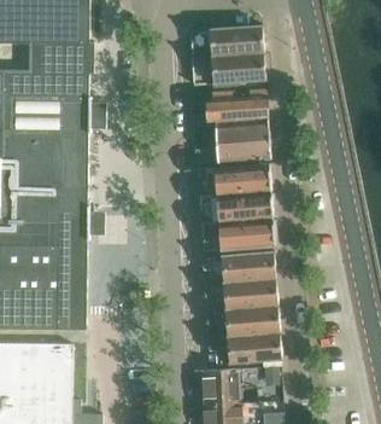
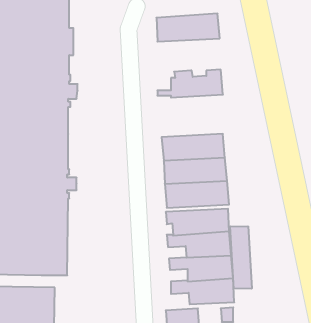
building: [192,54,265,86] -> none
building: [215,121,269,163] -> none
building: none -> [230,226,252,289]

